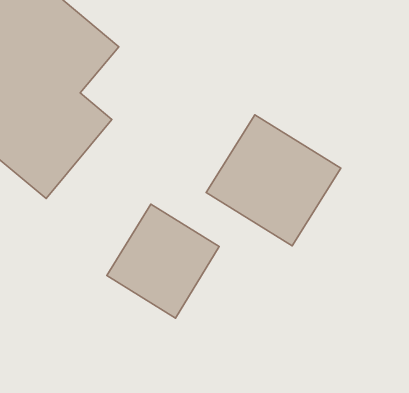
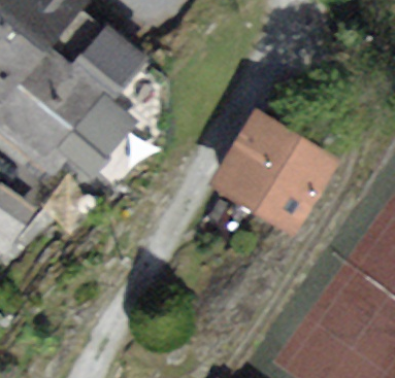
building: [107,204,219,318] -> none

